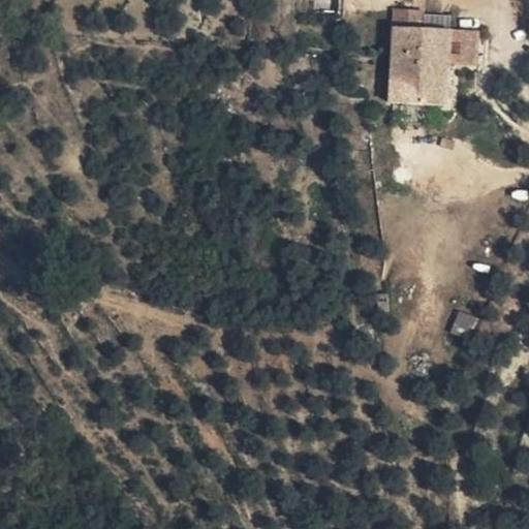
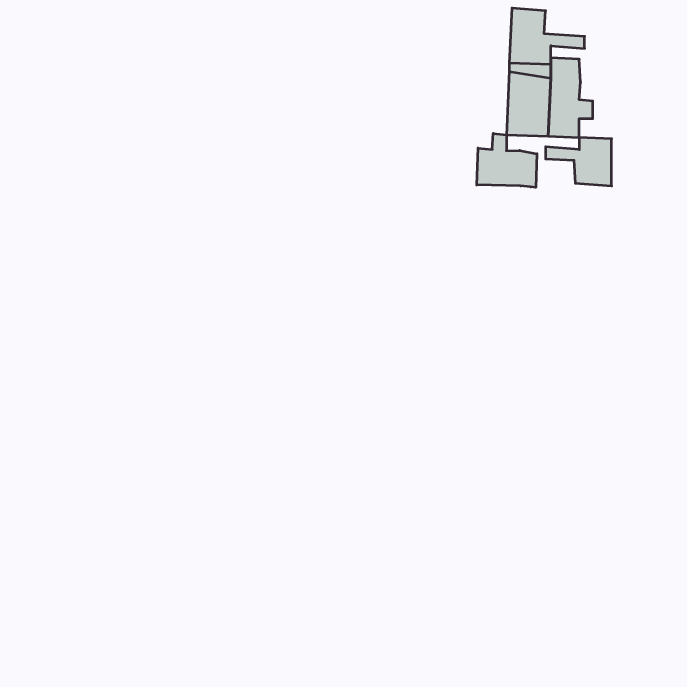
building: [423,28,473,65] -> [546,137,612,186]
building: none -> [477,133,537,187]

